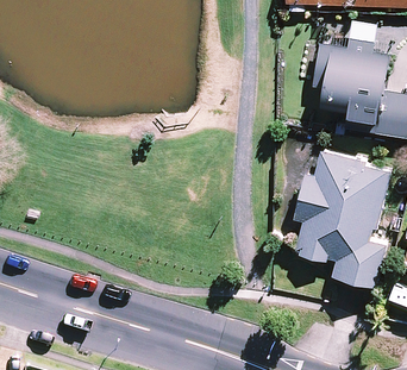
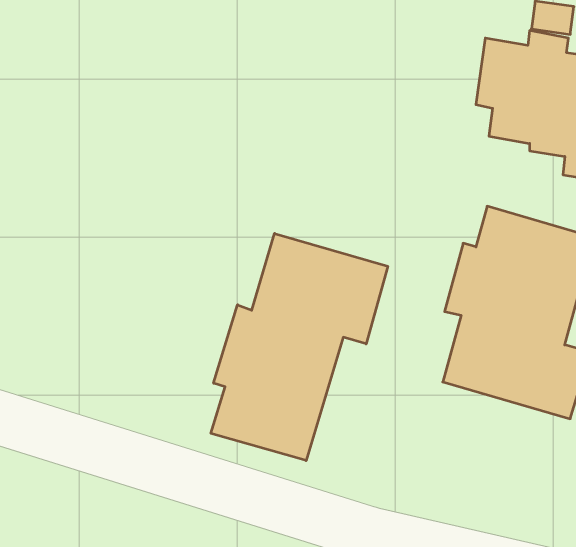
building: none -> [211,233,388,461]

